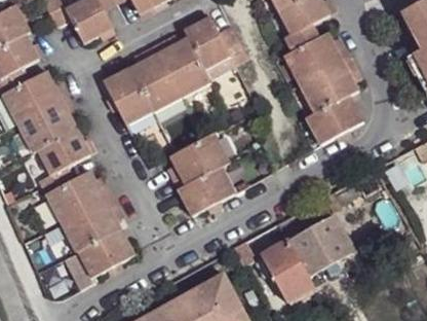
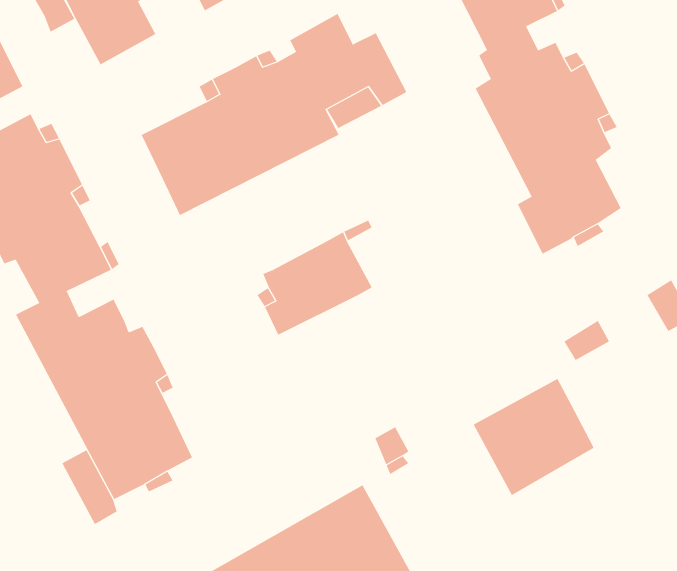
building: [179,168,235,216] -> none
building: [249,235,307,298] -> none

